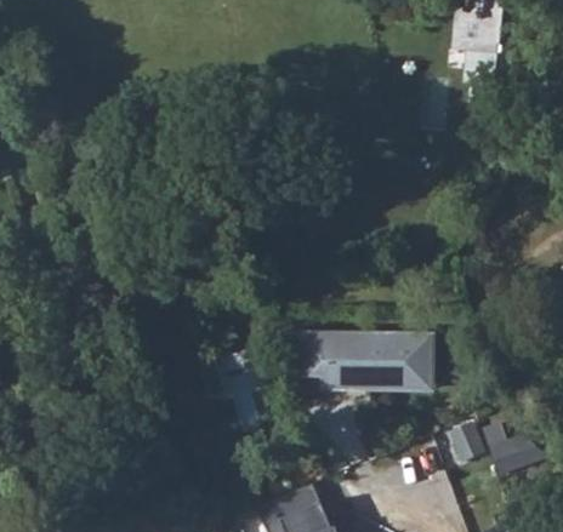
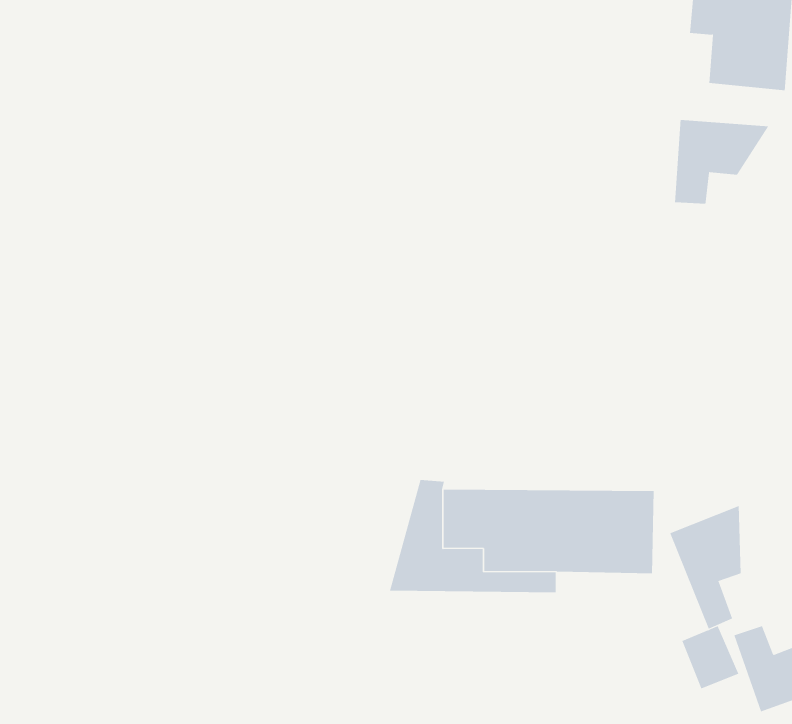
building: none -> [674,119,769,204]
building: none -> [669,505,741,630]

